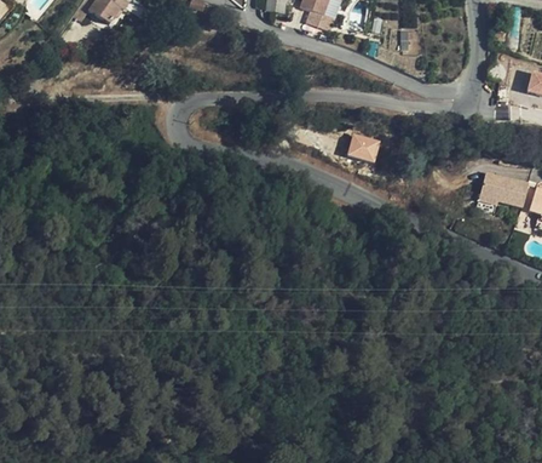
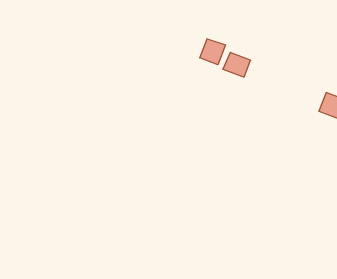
building: none -> [200,39,226,65]

